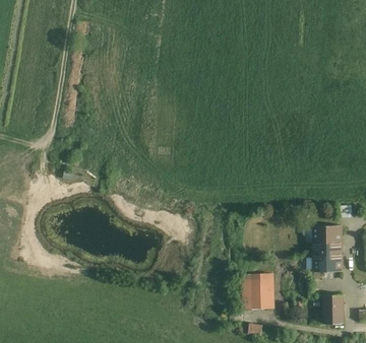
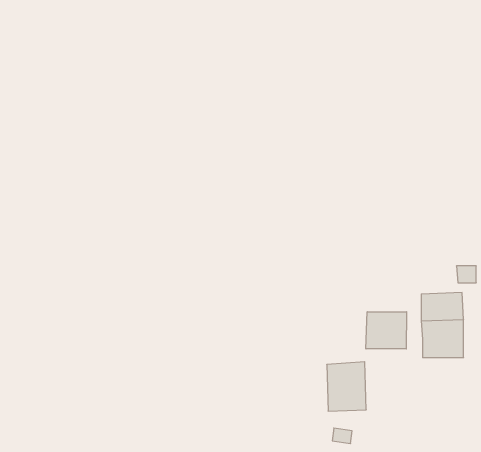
building: none -> [366,312,407,349]
building: [323,294,344,324] -> none

